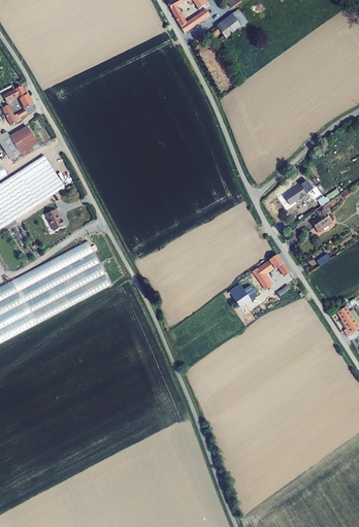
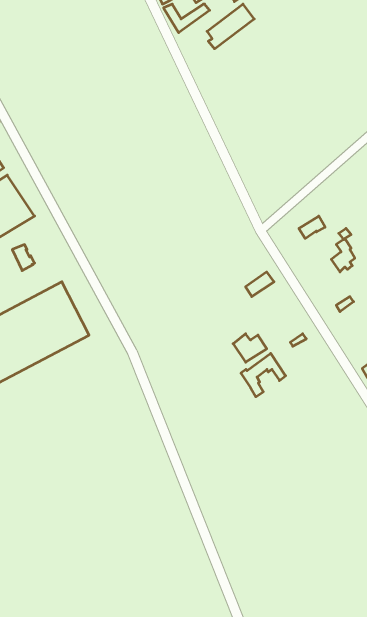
building: [253,254,290,290] -> [241,353,286,397]

